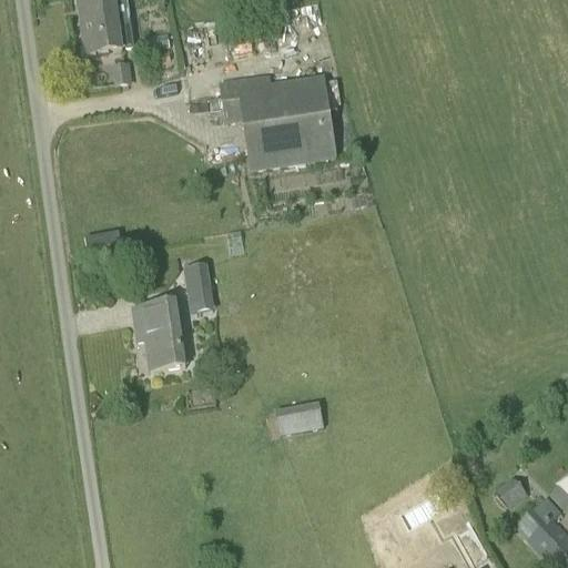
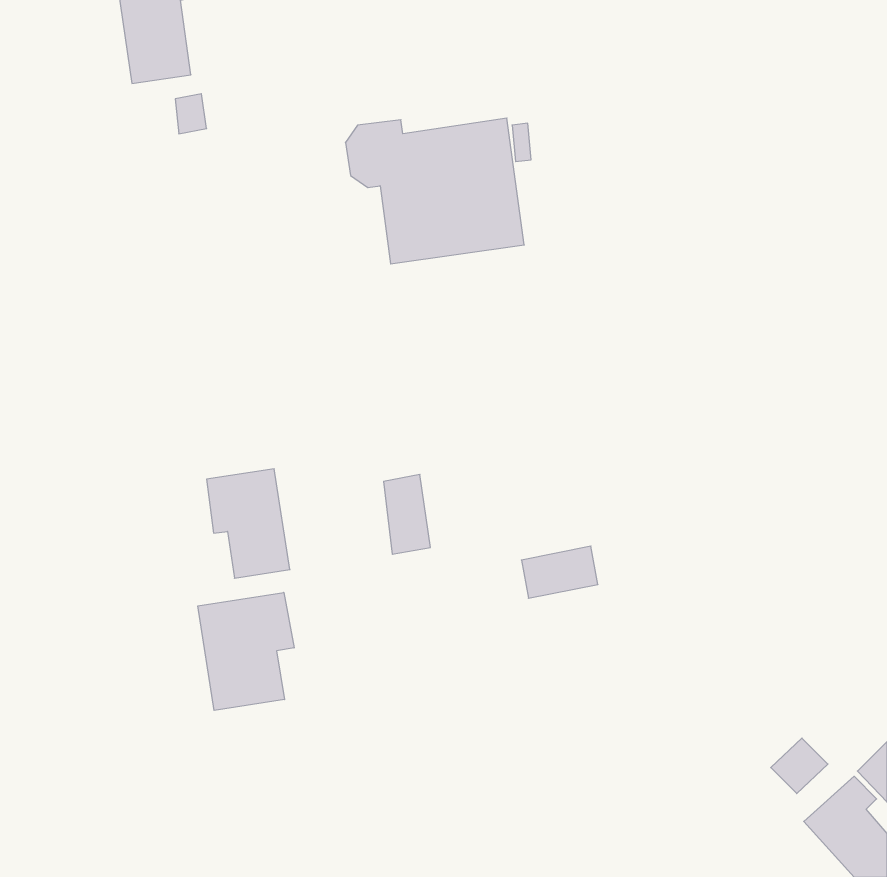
building: [183,262,213,313] -> [384,474,430,554]
building: none -> [198,592,294,710]
building: [274,400,323,434] -> [521,546,598,598]

